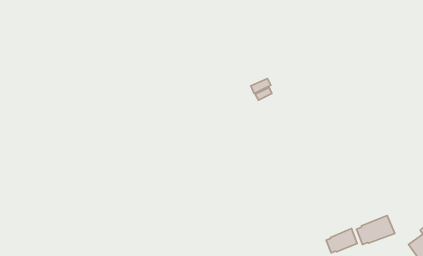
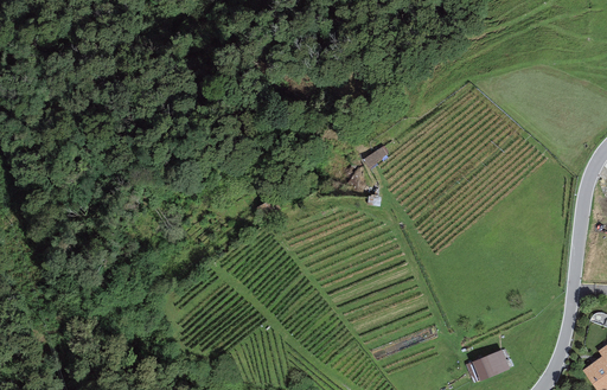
building: [356,215,395,244] -> none

